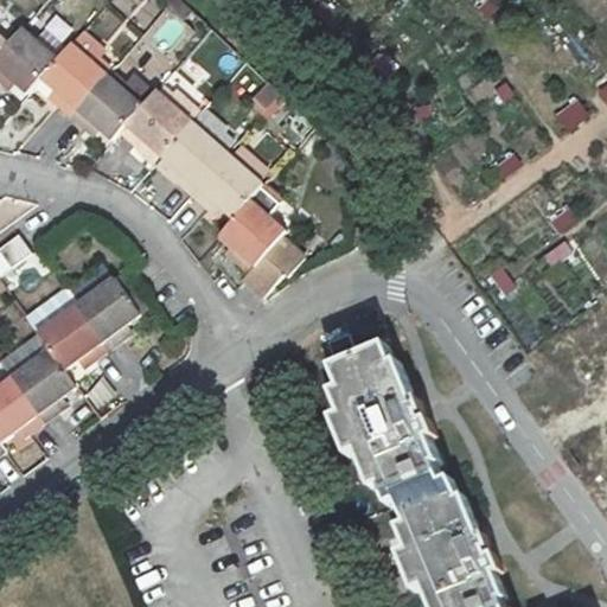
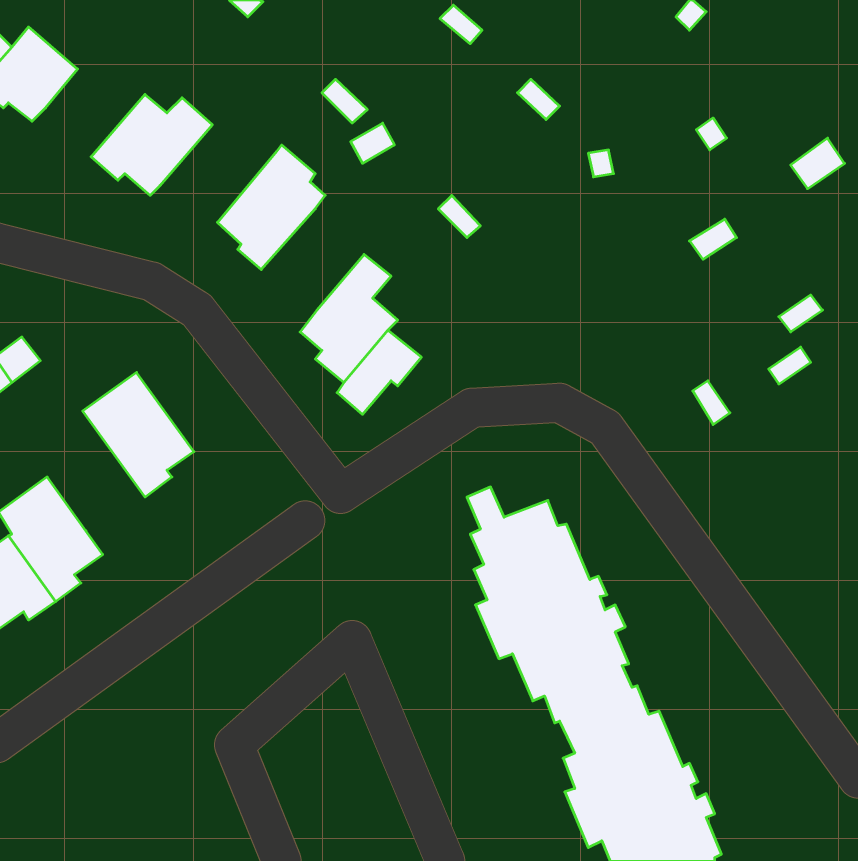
building: [32,25,106,110] -> none
building: [113,79,194,156] -> none
building: [184,143,261,218] -> none
building: [18,287,102,373] -> none

